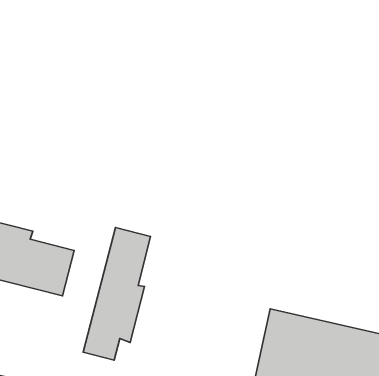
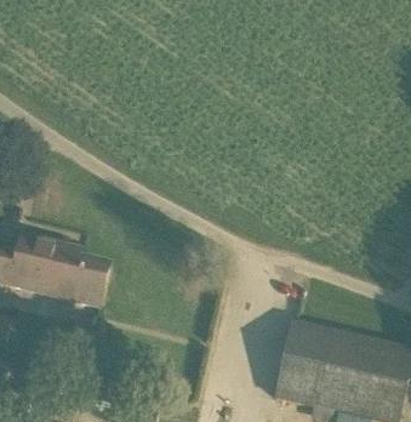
building: [83,228,151,360] -> none

